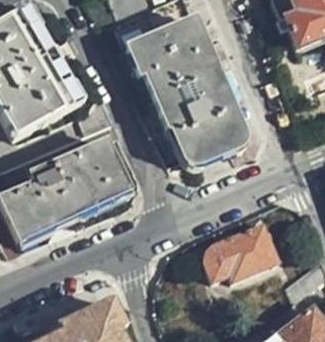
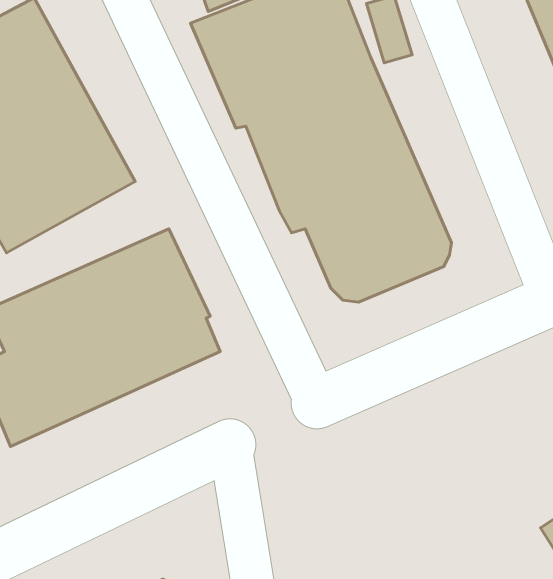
building: [207,225,280,280] -> none

